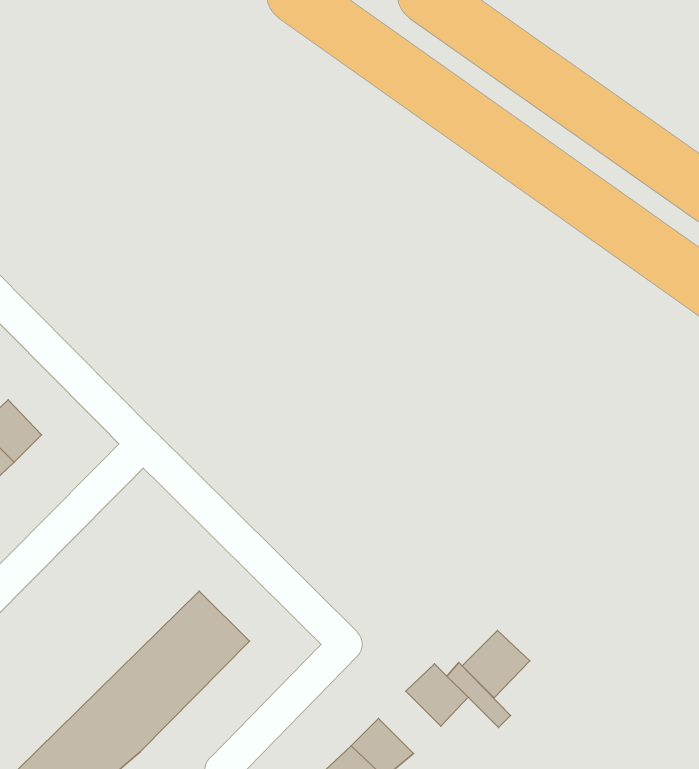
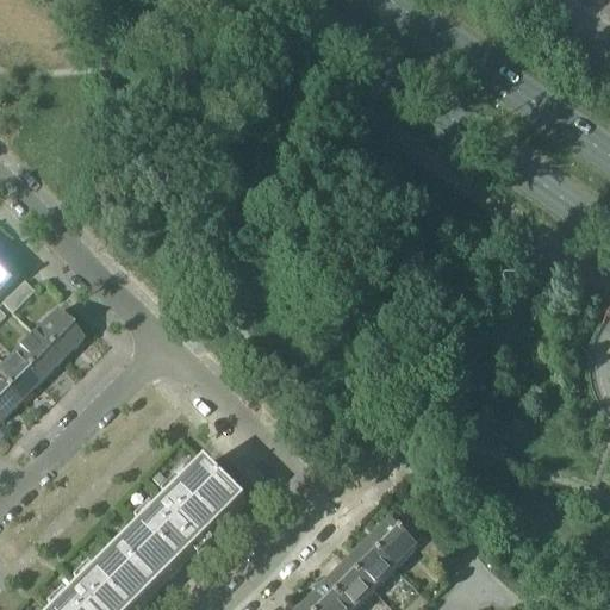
building: [462,631,530,698] -> none
building: none -> [337,544,386,593]

